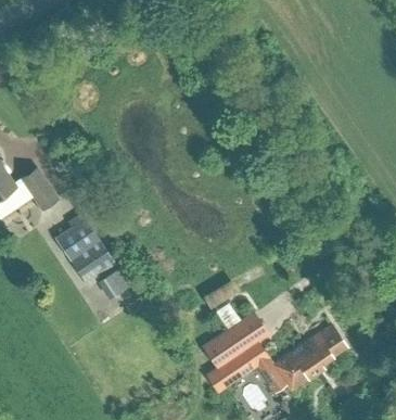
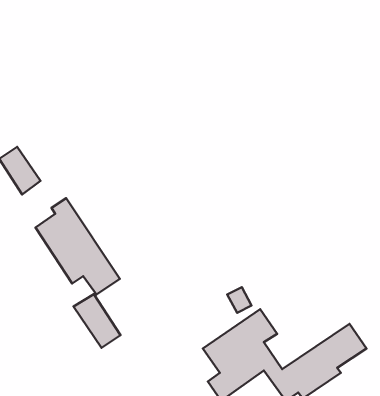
building: none -> [73,294,121,348]

